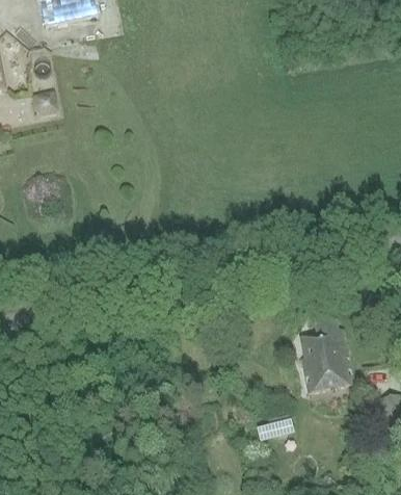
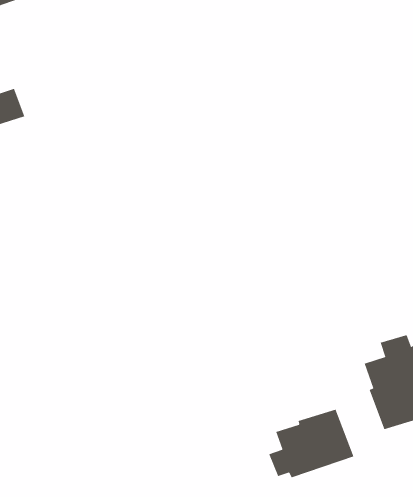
building: none -> [269,409,354,478]

